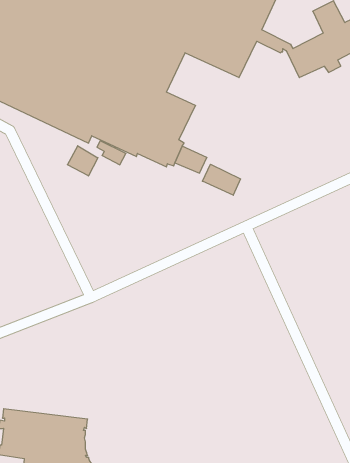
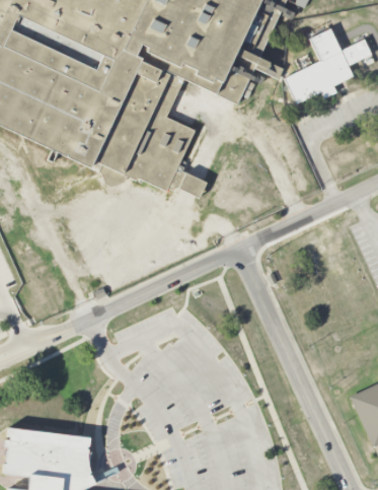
building: [67,146,98,176] -> none
building: [202,164,241,195] -> none

